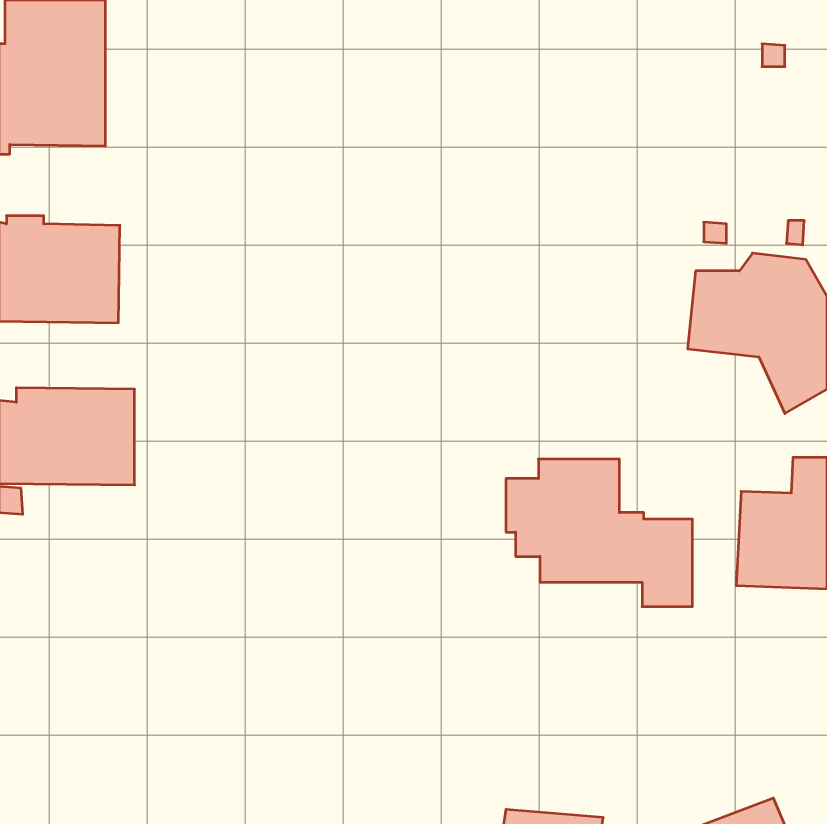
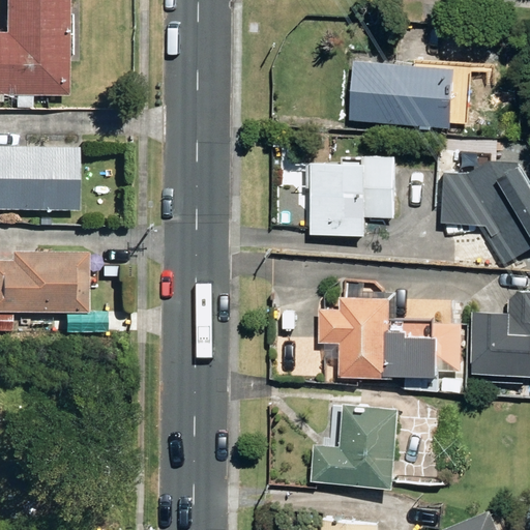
building: none -> [352,60,459,127]
building: none -> [301,155,400,233]
building: none -> [308,407,396,493]

